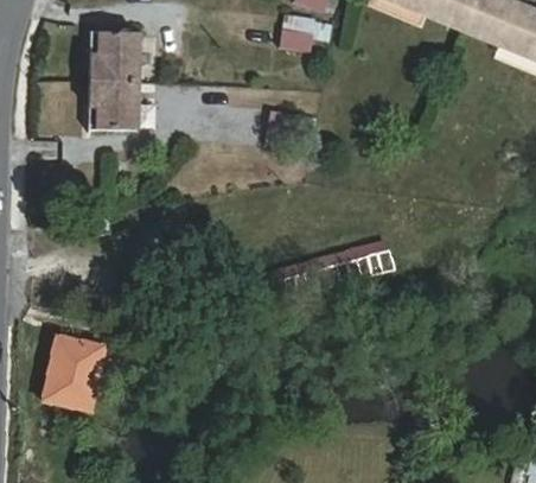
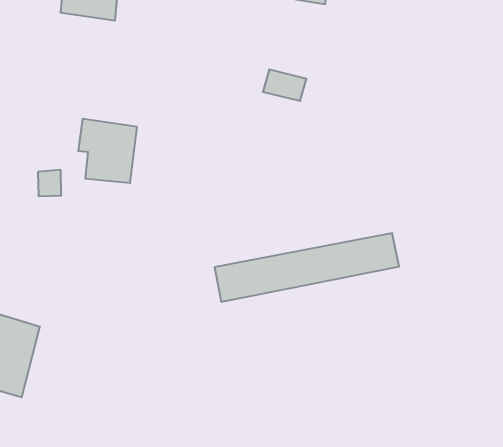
building: [90,81,138,131] -> [78,119,137,183]

